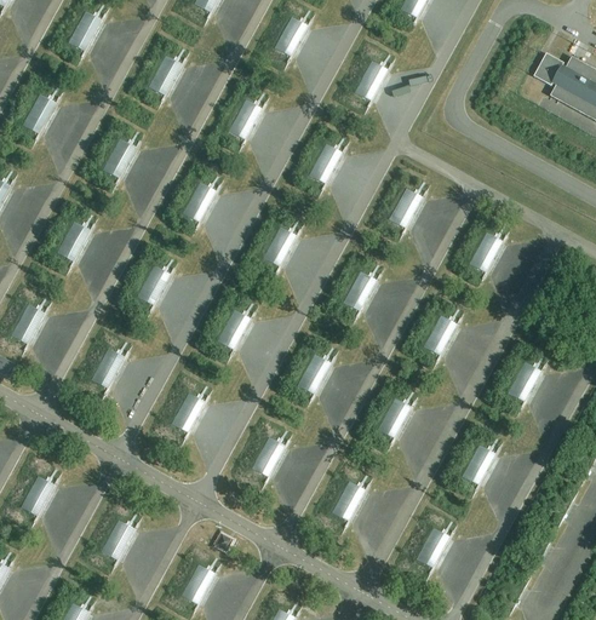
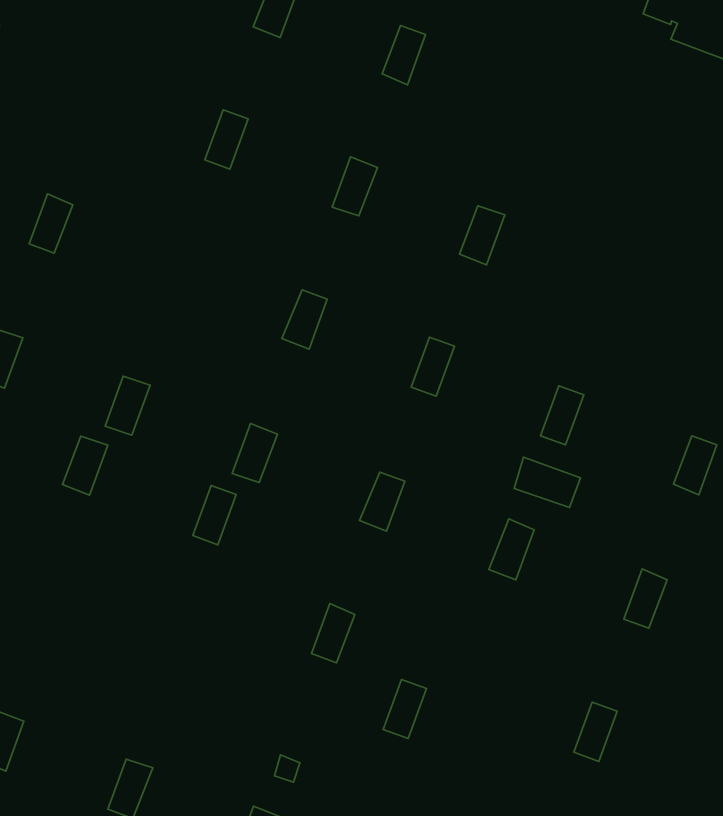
building: [145,53,179,93] -> none
building: [179,179,213,219] -> none
building: [466,229,500,270] -> none
building: [87,348,121,388] -> [62,436,108,495]
building: none -> [514,457,580,508]
building: [168,391,201,431] -> [193,485,236,545]
building: [329,480,362,519] -> [383,679,426,739]

